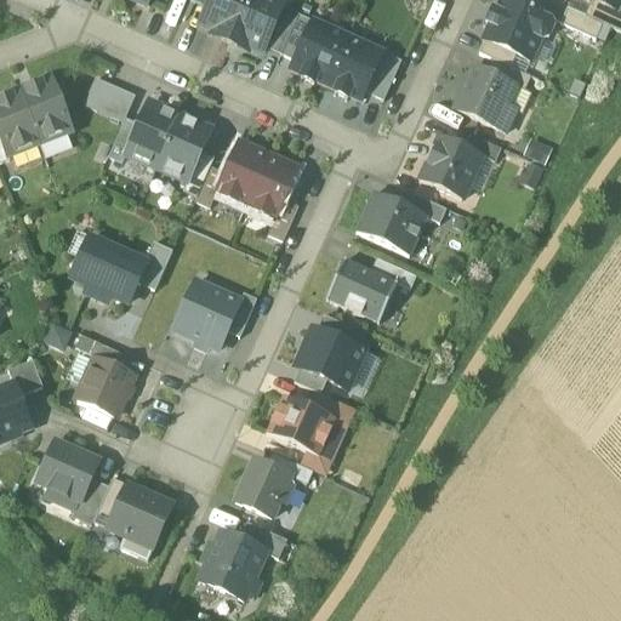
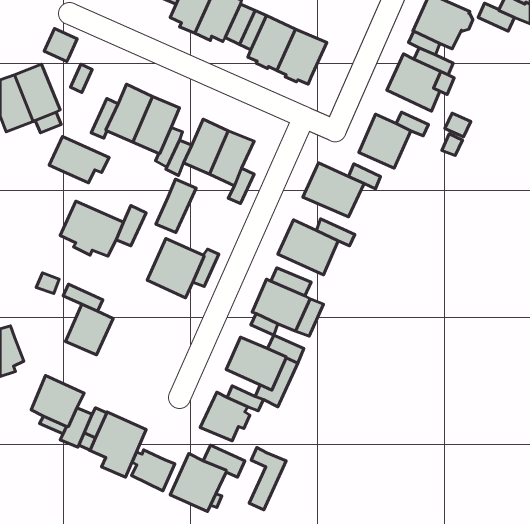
building: [364,50,400,97] -> none
building: [96,81,135,120] -> [44,28,77,62]
building: none -> [49,137,109,183]
building: none -> [156,179,196,233]
building: [7,358,42,394] -> none
building: none -> [249,447,286,510]
building: none -> [132,450,175,491]

